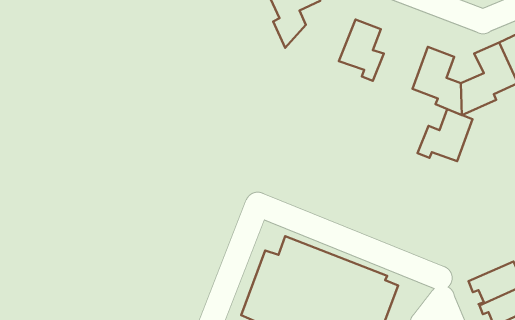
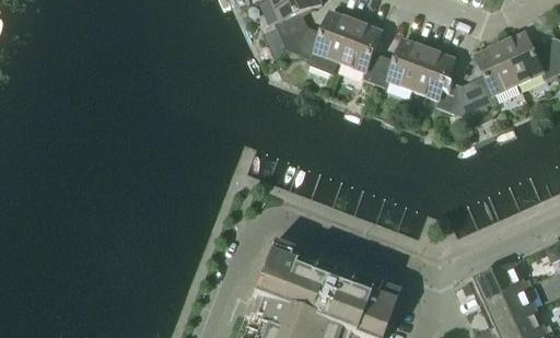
building: none -> [287,11,357,73]
building: [418,109,472,161] -> [374,38,429,90]

